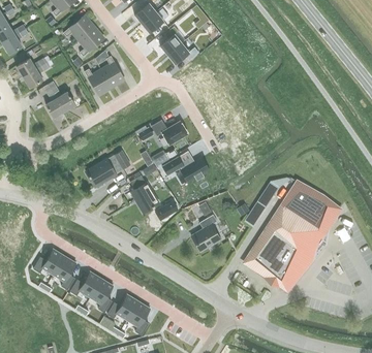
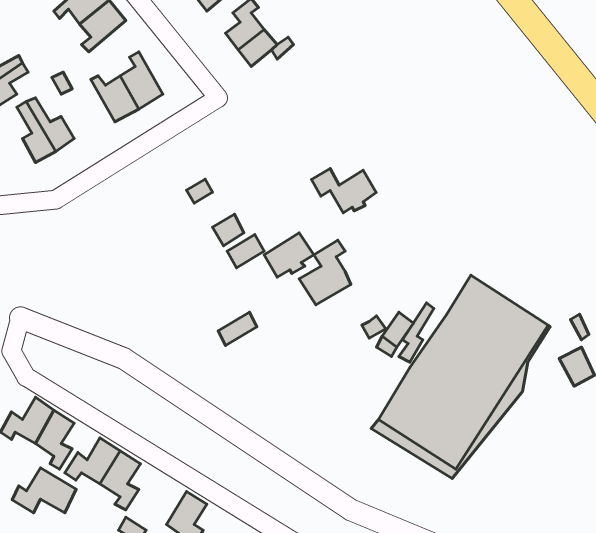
building: [151,120,187,145] -> [312,168,376,213]
building: [85,151,130,187] -> none
building: [129,175,158,213] -> none
building: [190,215,219,251] -> [299,240,351,305]
building: none -> [12,468,76,513]
building: [106,294,137,320] -> none

